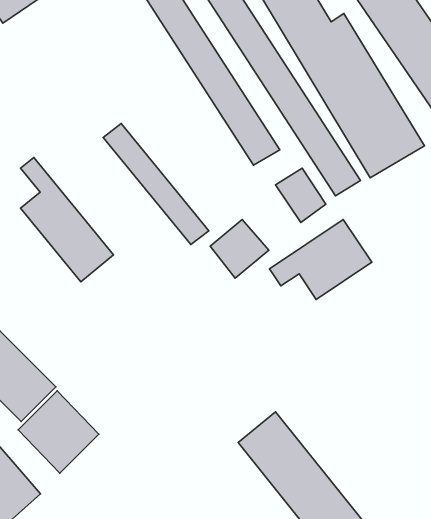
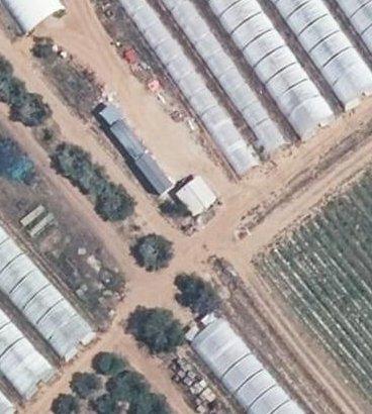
building: [21,157,113,282] -> none
building: [270,219,372,299] -> none

